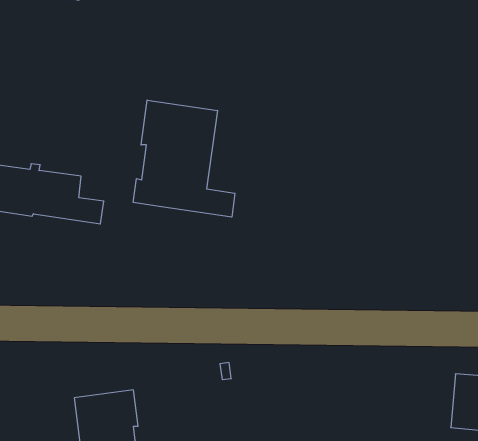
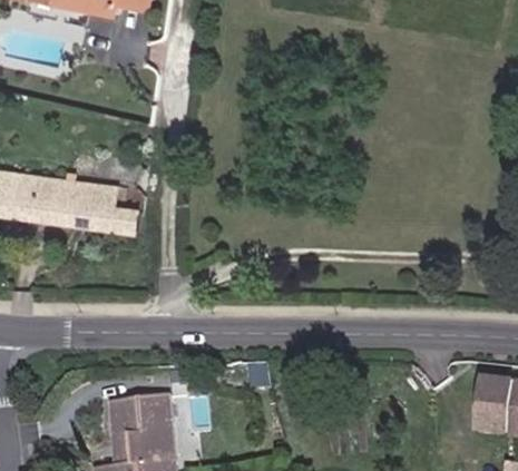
building: [133,100,235,217] -> none

